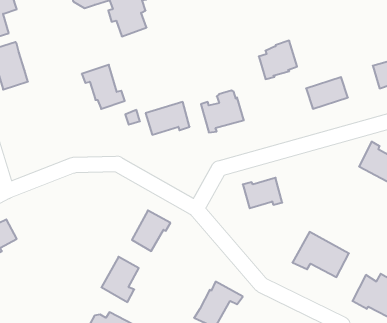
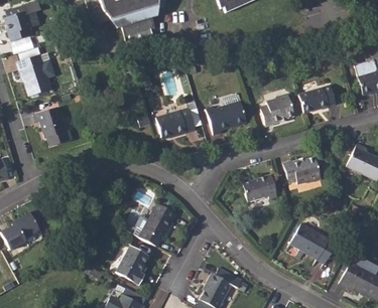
building: [259,41,297,79] -> [260,91,294,125]
building: [82,65,125,109] -> [33,108,72,147]
building: none -> [282,155,321,183]

